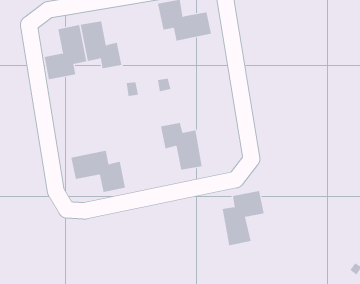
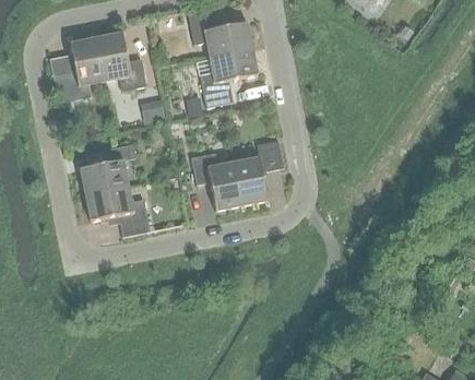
building: none -> [199,47,257,106]
building: none -> [79,143,134,193]
building: [222,190,264,246] -> [233,139,283,204]

